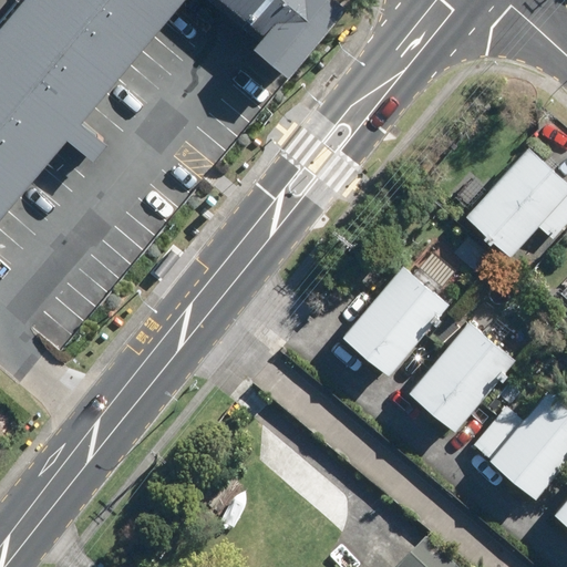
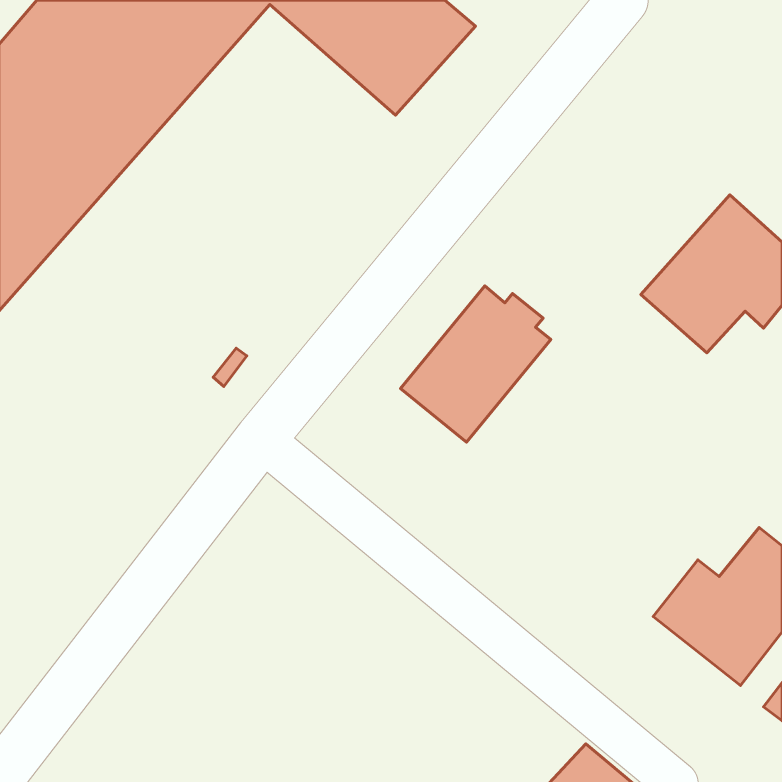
building: [339,260,447,373] -> [401,286,551,442]
building: [406,316,515,429] -> none

